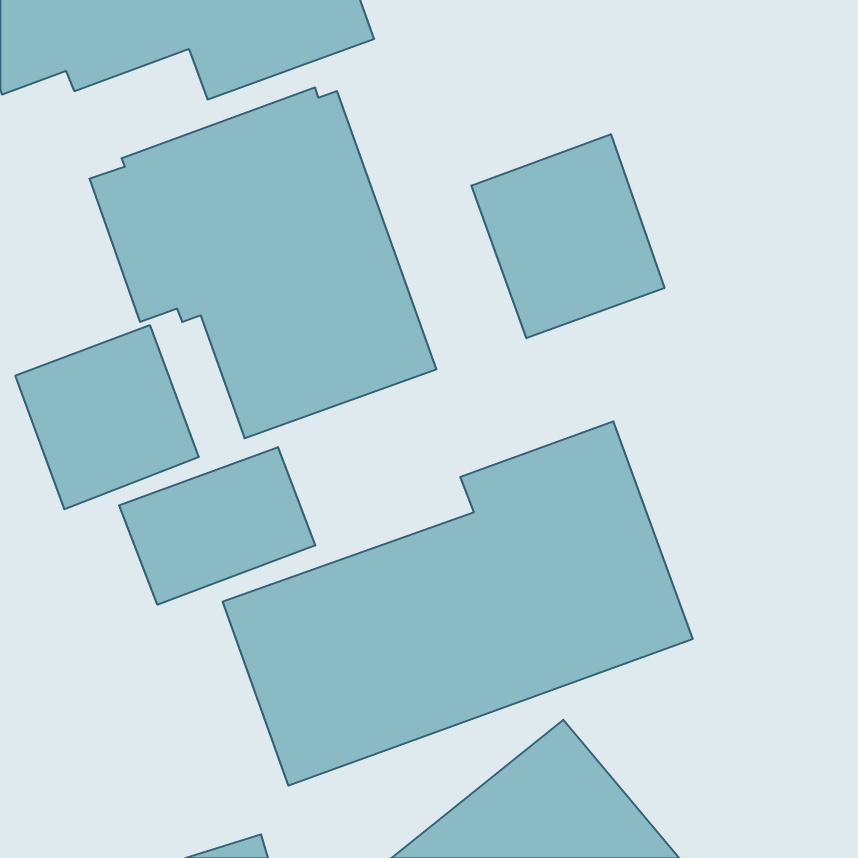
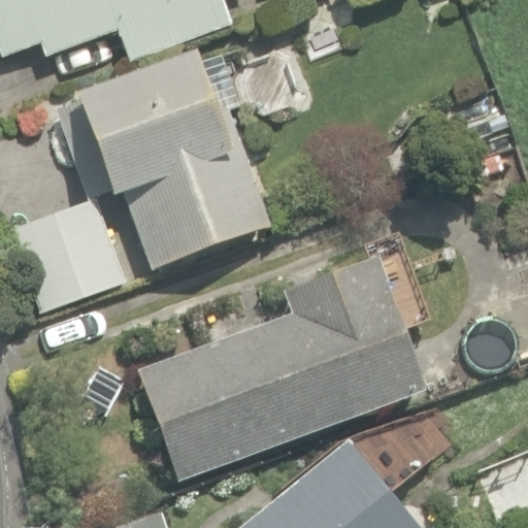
building: [471,134,664,338] -> none
building: [119,447,315,605] -> none

